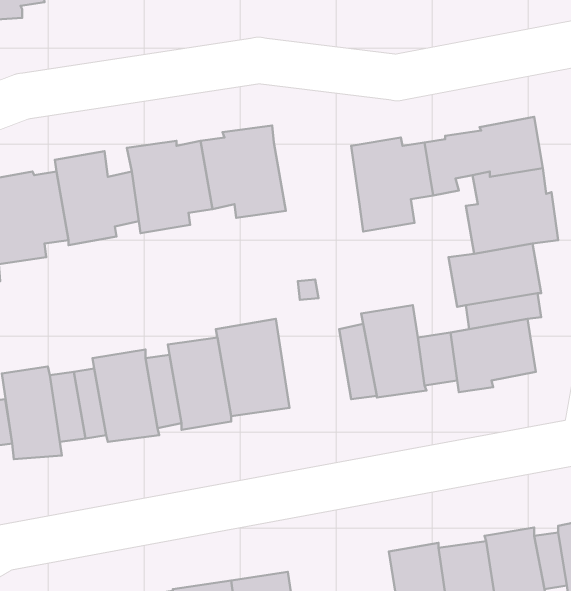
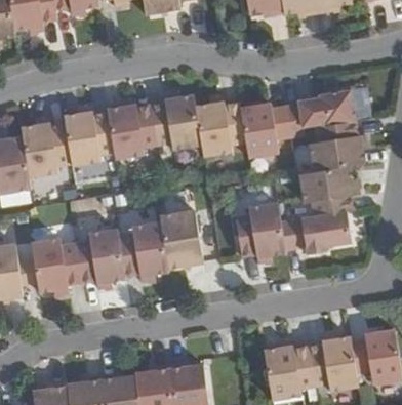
building: none -> [195,100,246,156]

